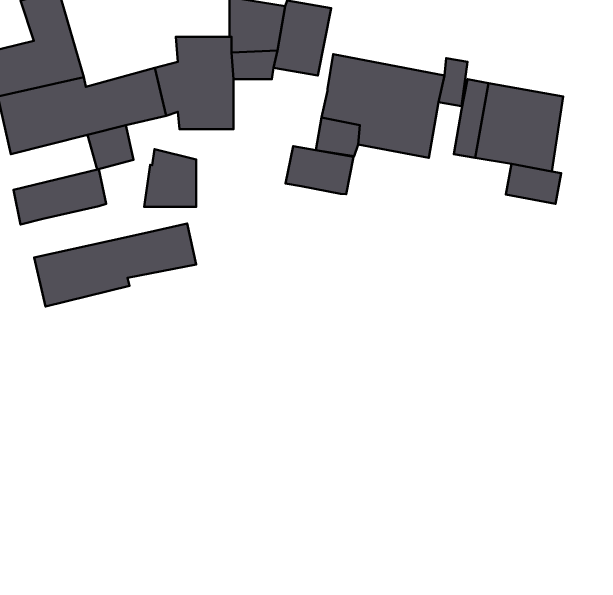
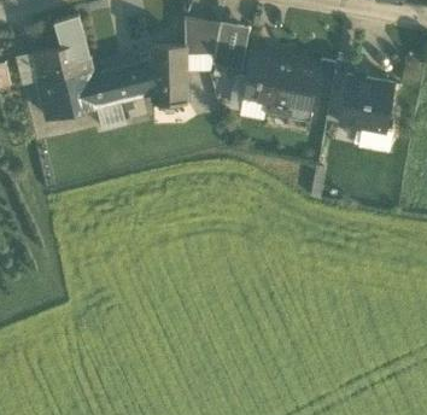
building: [285,146,354,194] -> none
building: [144,149,196,207] -> none
building: [13,169,106,224] -> none
building: [34,223,196,306] -> none

